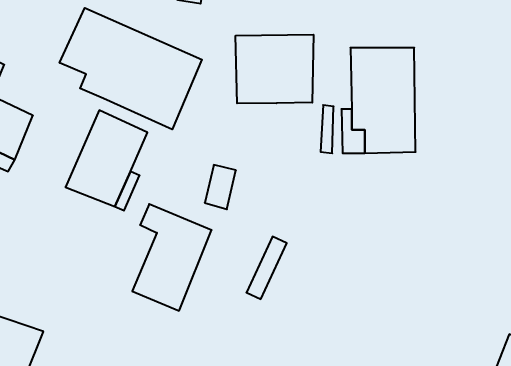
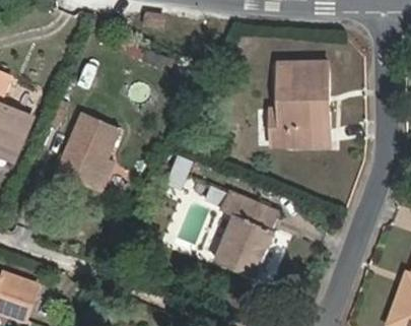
building: [60,8,202,129] -> none
building: [236,35,313,103] -> none
building: [132,204,212,311] -> [216,191,278,274]

